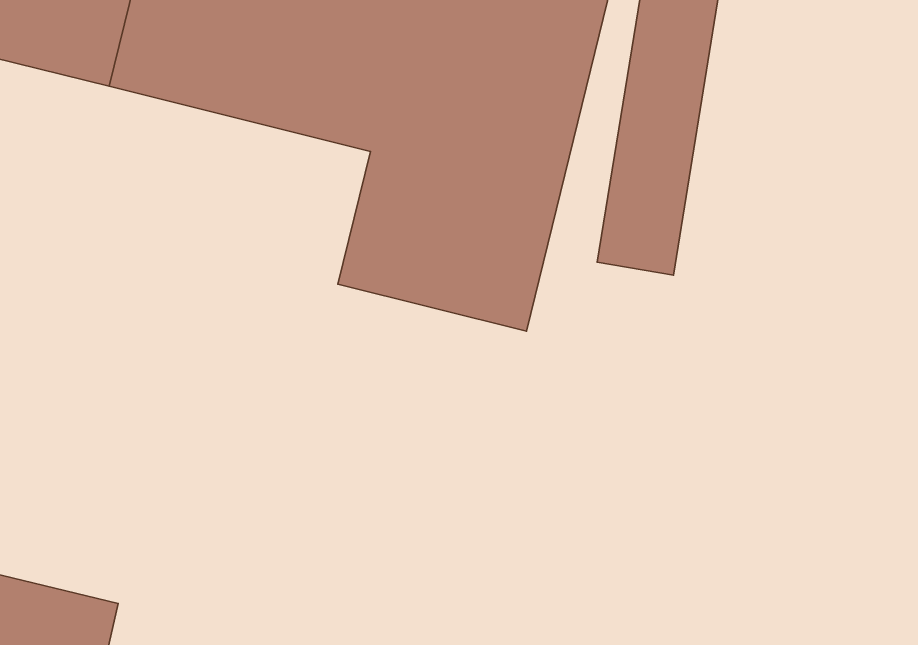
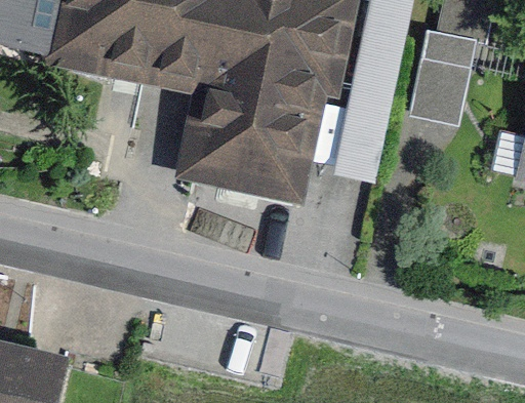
building: none -> [413,17,477,116]

